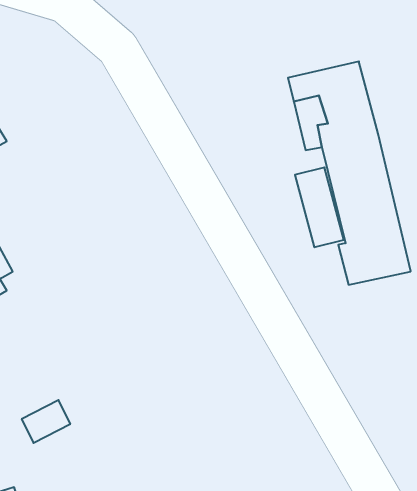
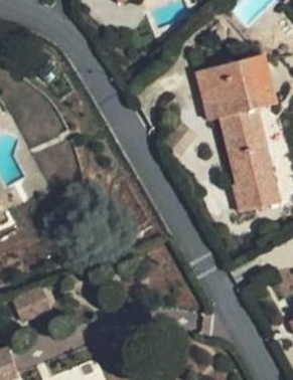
building: [295,167,344,247] -> [245,55,278,110]

